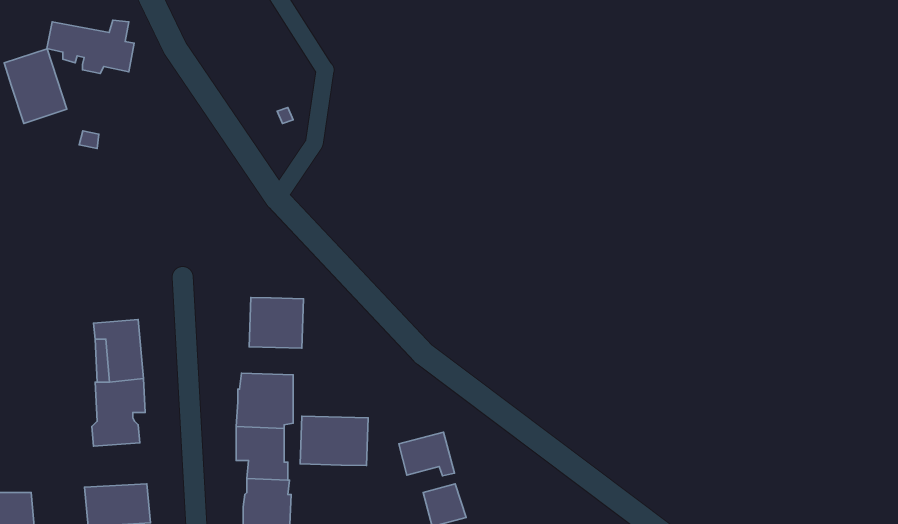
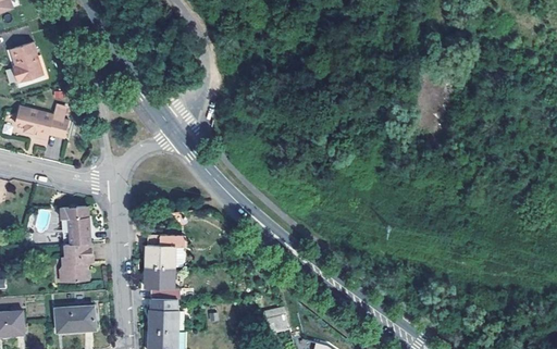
building: [47,20,134,74] -> [14,107,67,139]
building: [249,298,304,348] -> none
building: [300,416,368,466] -> none
building: [399,432,455,476] -> none

